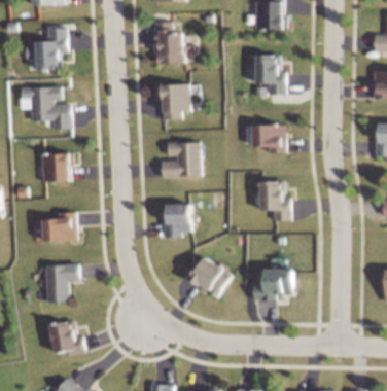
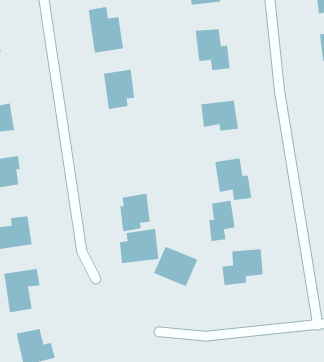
building: [162,142,201,177] -> none
building: none -> [209,200,235,242]
building: none -> [119,228,159,264]

